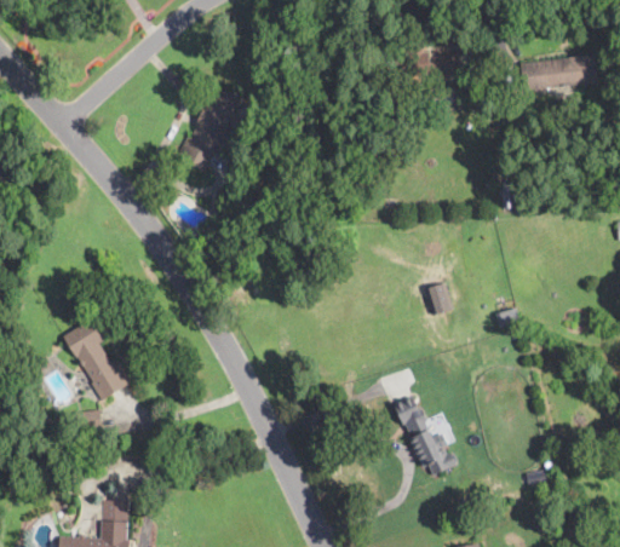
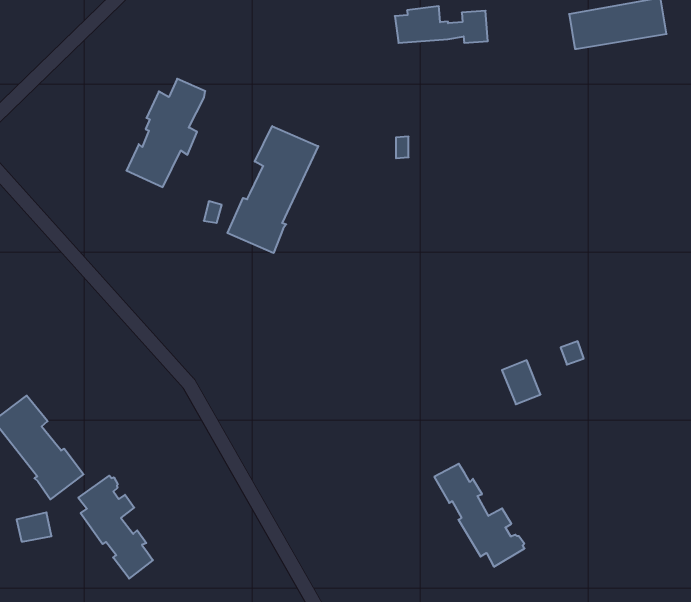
building: none -> [227,126,318,253]
building: [425,282,453,315] -> [502,360,541,404]
building: none -> [78,476,153,579]

